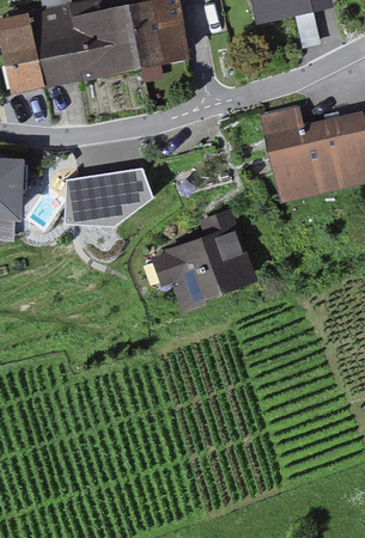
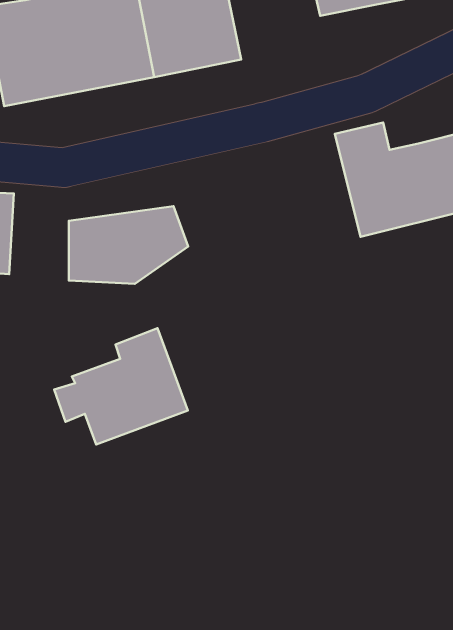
building: [152,209,251,295] -> [54,328,188,444]

